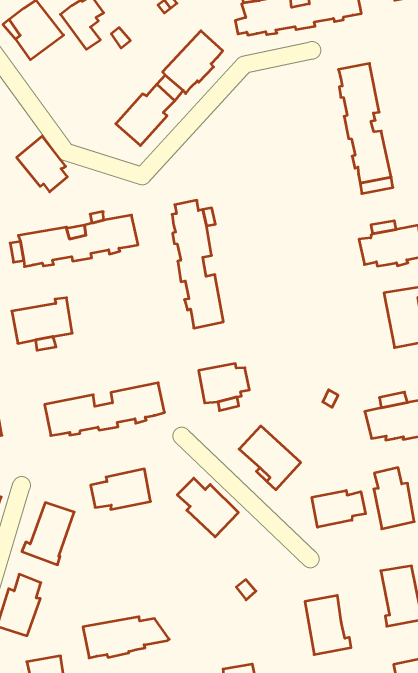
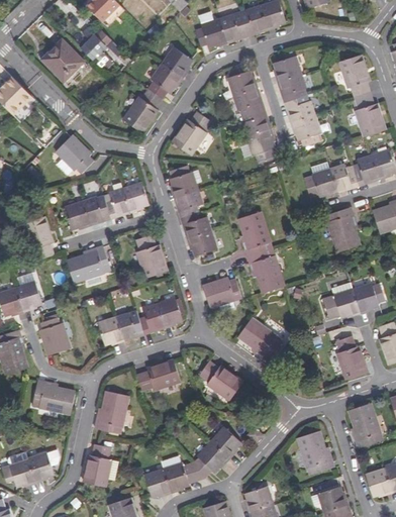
building: none -> [228,71,274,161]
building: none -> [172,111,210,154]
building: none -> [238,211,285,292]
building: none -> [136,233,168,278]
building: [312,490,366,527] -> none
building: none -> [194,426,241,476]

